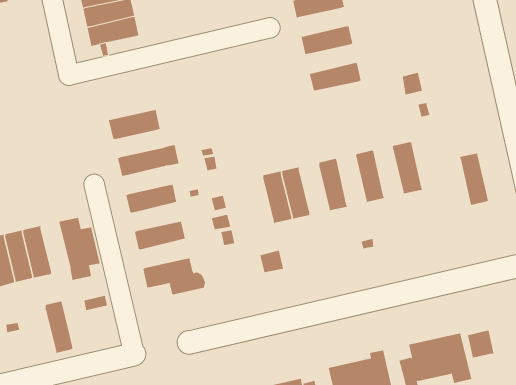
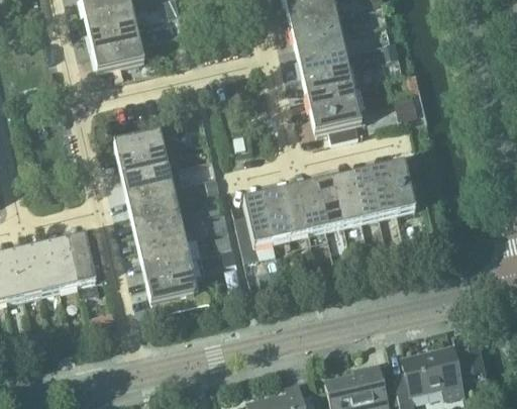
building: none -> [295,33,345,62]
building: none -> [303,69,353,97]
building: none -> [311,104,361,141]
building: none -> [119,150,169,179]
building: [459,153,489,205] -> [369,167,397,217]
building: none -> [333,175,361,225]
building: none -> [298,183,326,233]
building: none -> [127,186,177,214]
building: none -> [235,195,273,261]
building: none -> [135,221,185,249]
building: none -> [143,257,193,285]
building: [45,301,73,353] -> [50,239,78,290]

